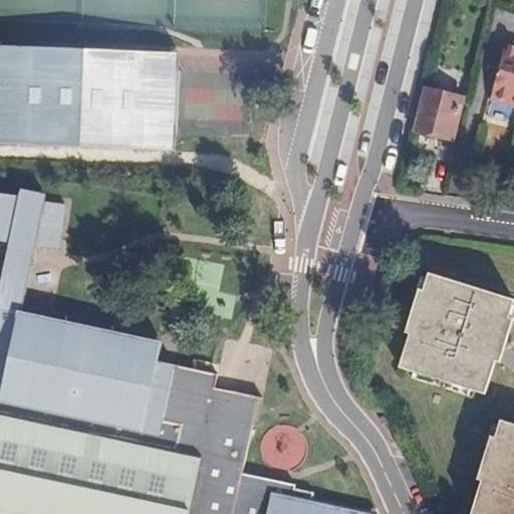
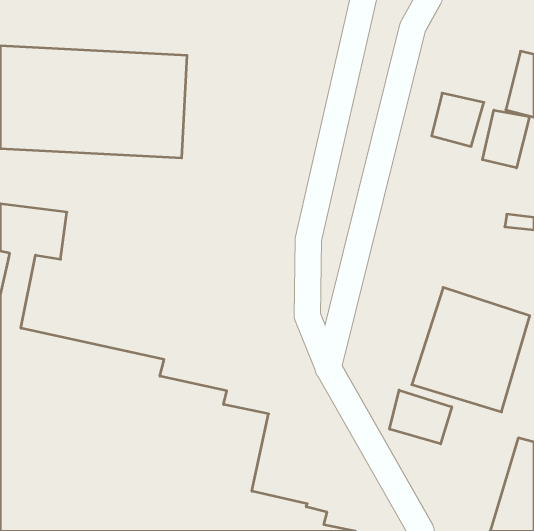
building: none -> [482,110,530,168]
building: none -> [390,390,452,444]

